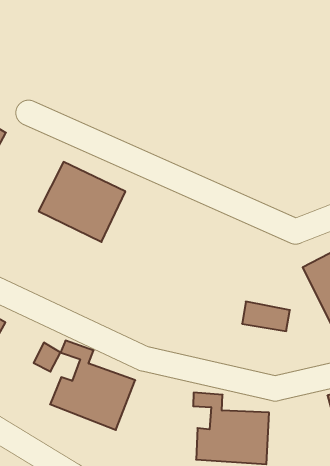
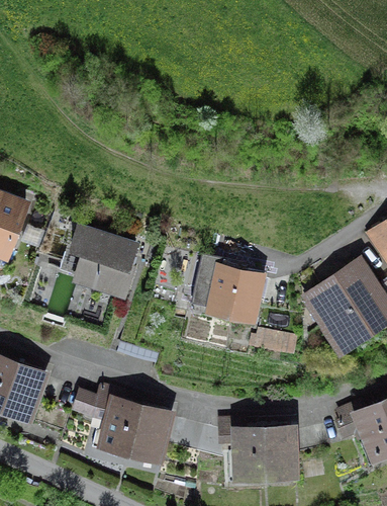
building: none -> [192,258,263,317]

